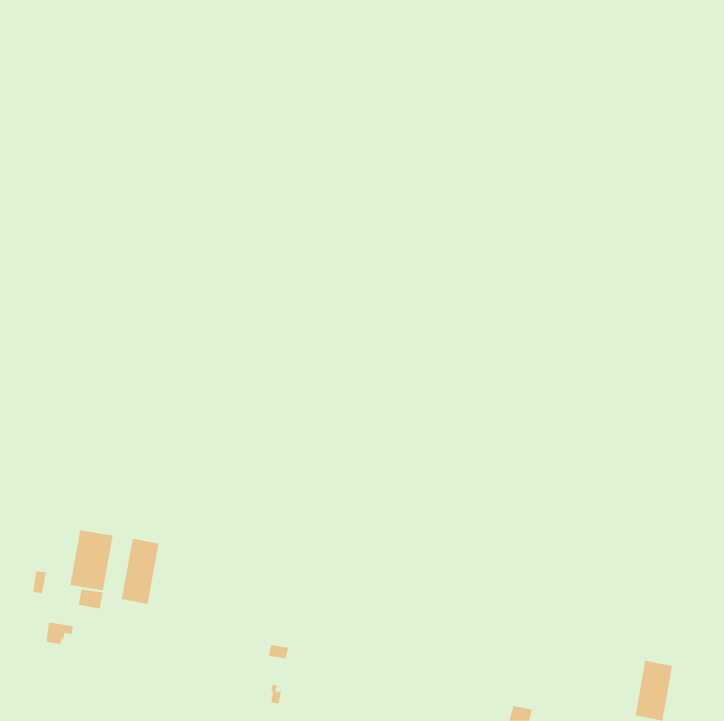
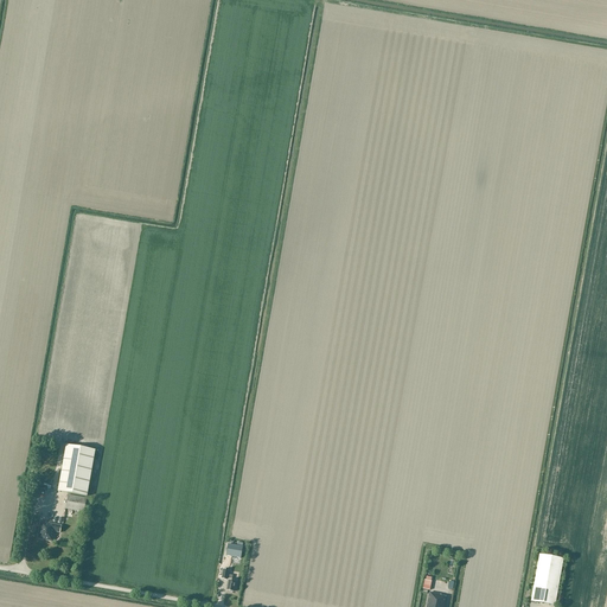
building: [121,538,159,605] -> none

